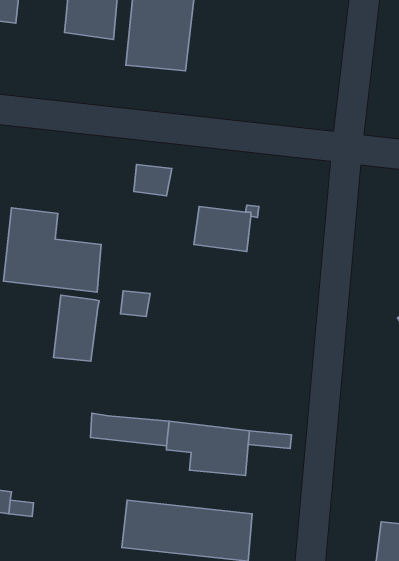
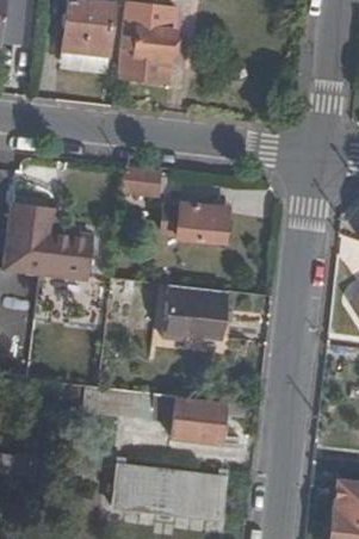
building: [54,295,99,361] -> none
building: none -> [162,285,229,340]

